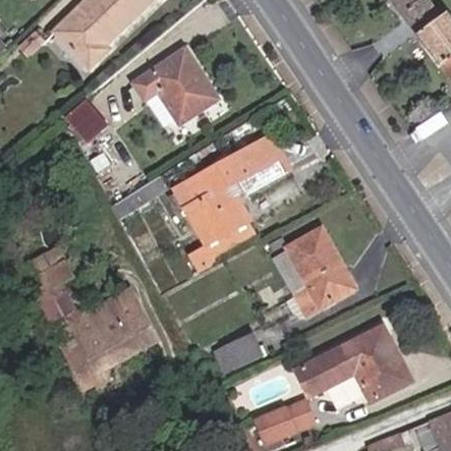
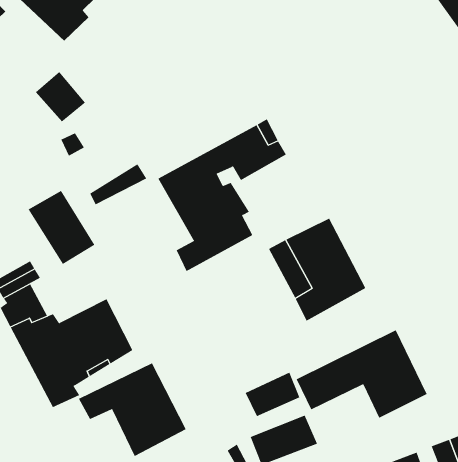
building: [130,45,219,124] -> none
building: none -> [28,190,95,265]
building: [214,332,263,372] -> [245,372,300,417]
building: none -> [78,363,186,457]

